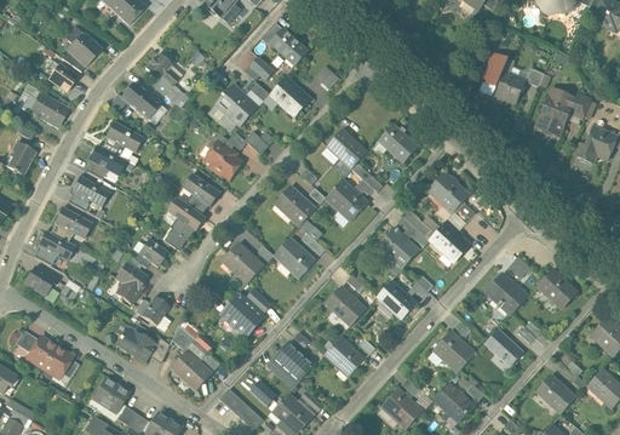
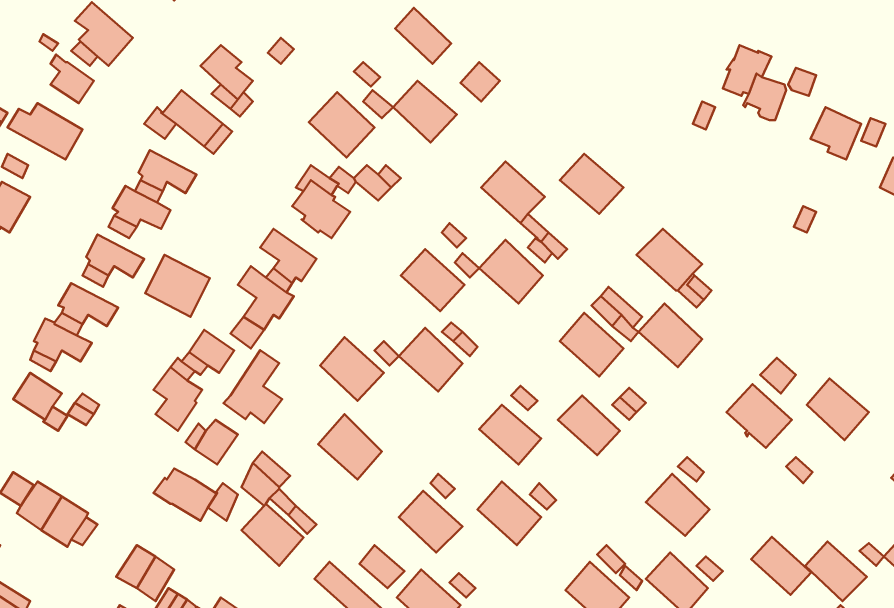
building: none -> [145,255,210,317]
building: none -> [224,350,282,423]
building: [484,328,523,366] -> [751,537,811,595]

